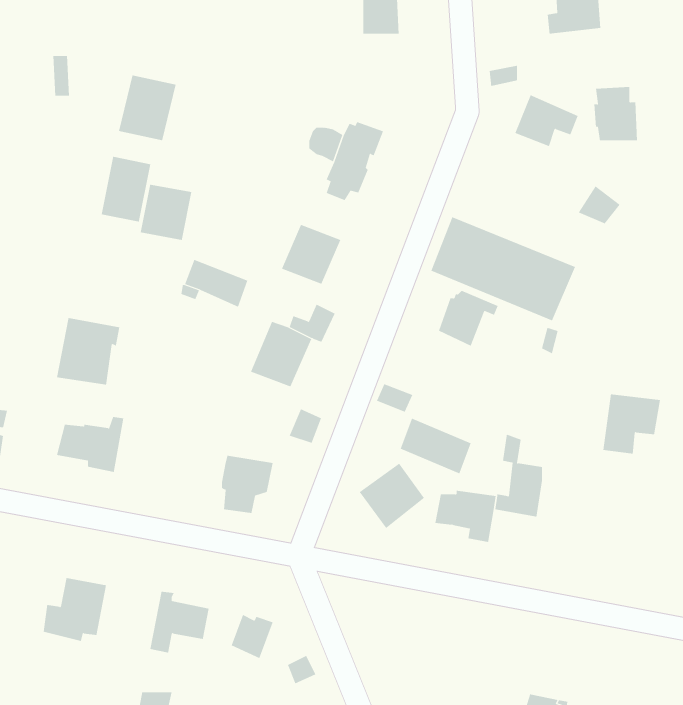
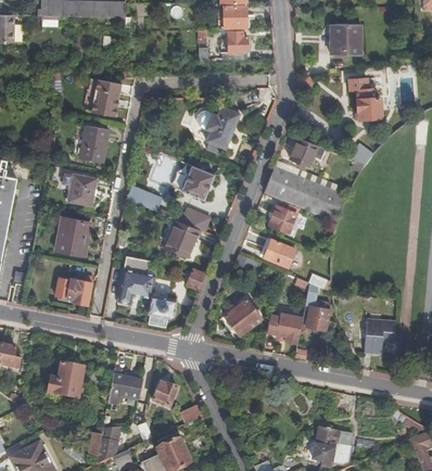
building: [515,94,579,147] -> [290,138,326,167]
building: [140,184,192,240] -> [67,174,97,205]
building: none -> [117,257,155,304]
building: [603,394,661,454] -> [364,320,396,354]
building: [400,418,472,474] -> [259,238,300,269]

